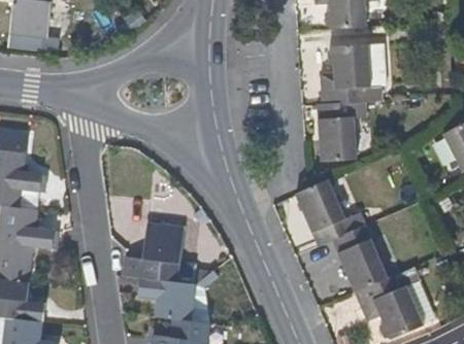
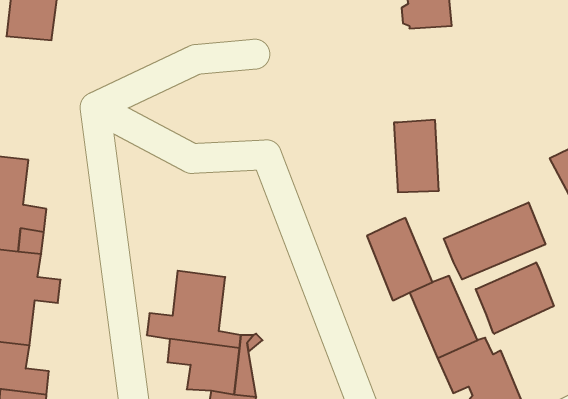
building: [322,42,385,104] -> none
building: none -> [444,202,545,279]
building: none -> [476,262,554,334]

